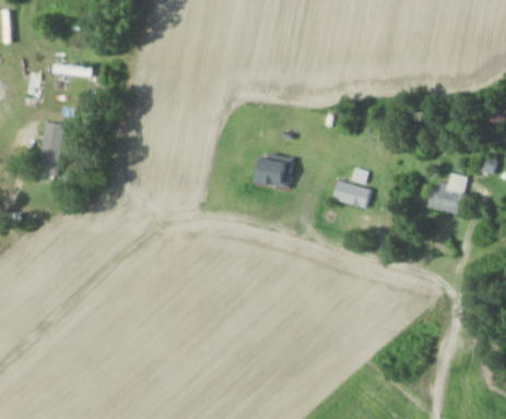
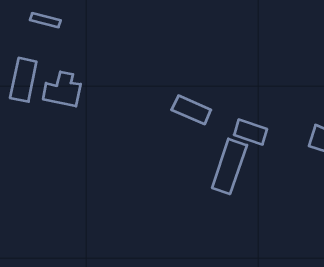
building: none -> [43,72,81,106]
building: none -> [212,139,247,194]

